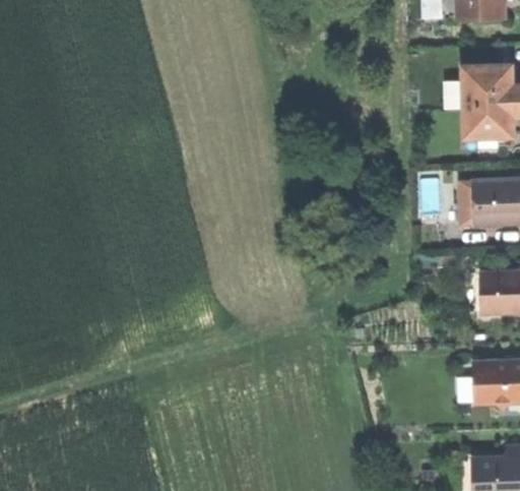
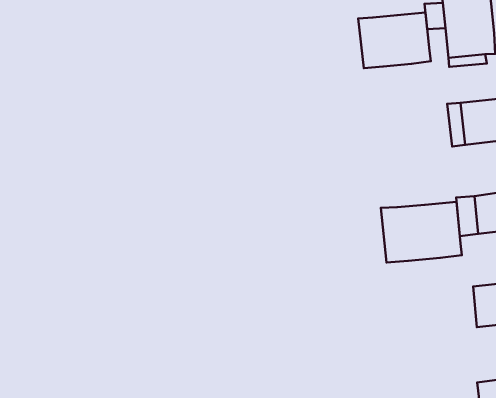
building: none -> [358,12,431,68]
building: none -> [381,202,462,262]

